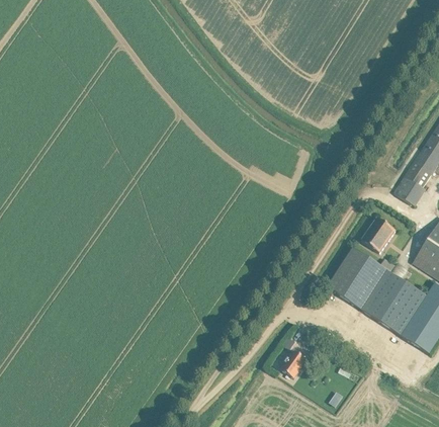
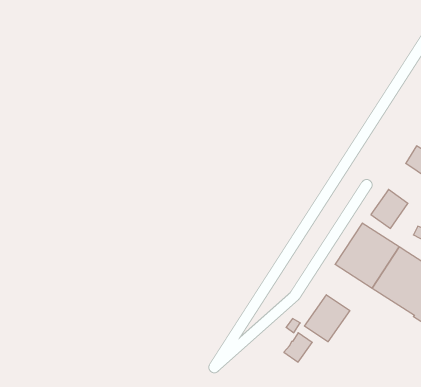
building: none -> [304,295,350,342]

